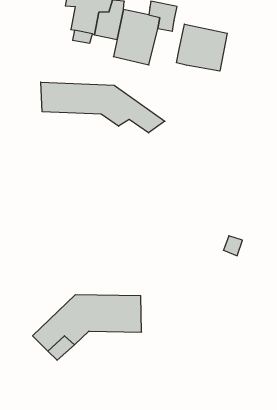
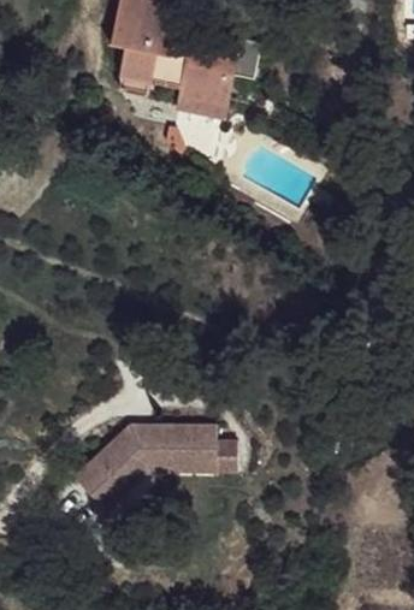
building: [177,24,227,71] -> none
building: [41,82,165,133] -> none

